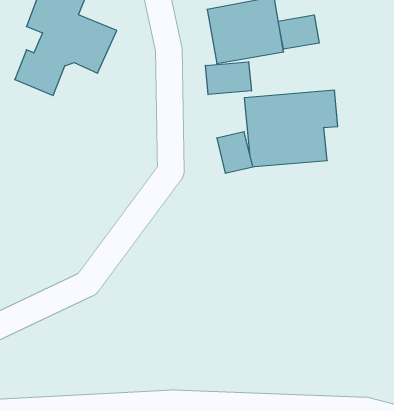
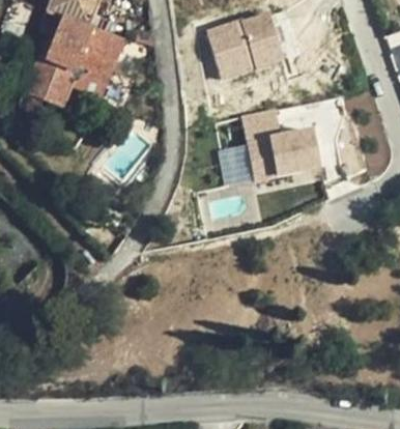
building: [278,15,319,49] -> none
building: [205,62,251,95] -> none

